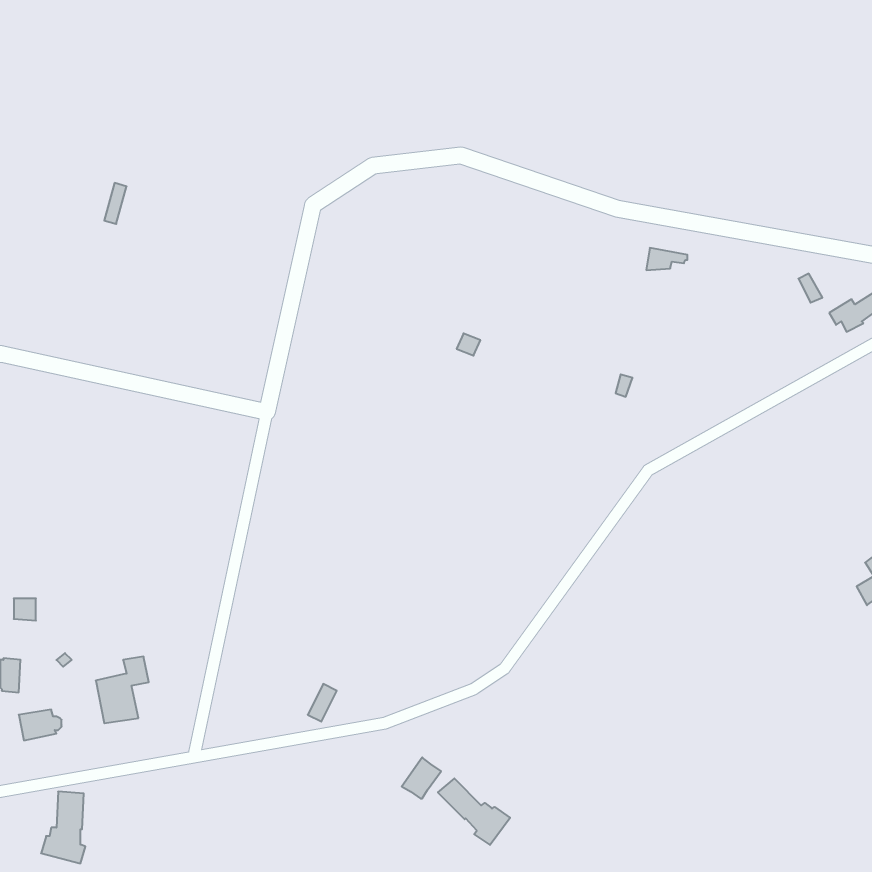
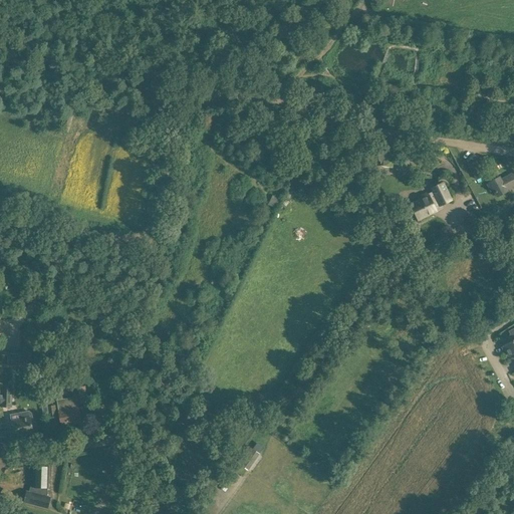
building: none -> [411,183,452,219]
building: [438,778,510,845] -> none

